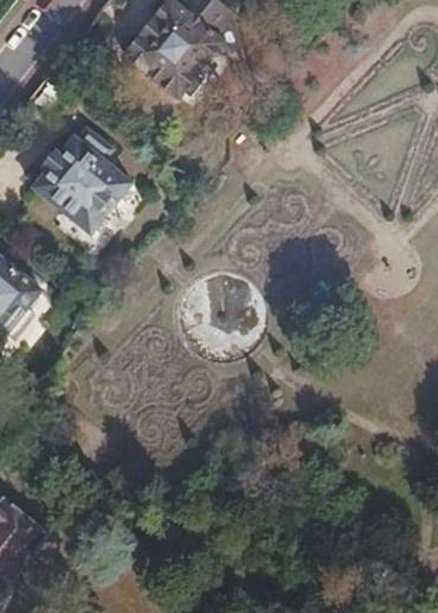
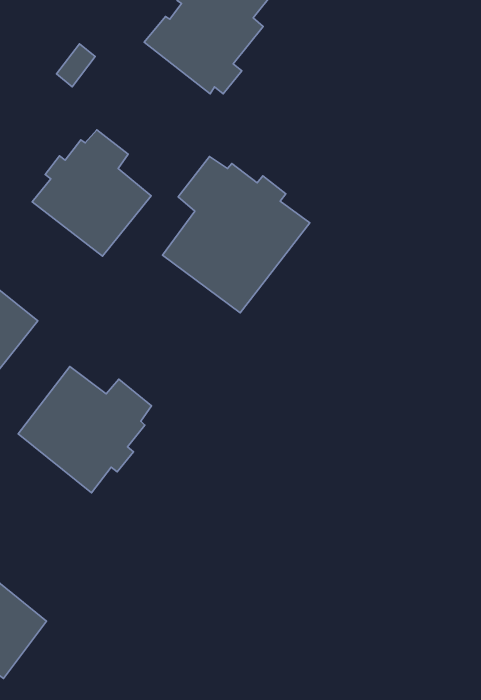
building: none -> [163,157,310,313]
building: none -> [18,366,152,493]

